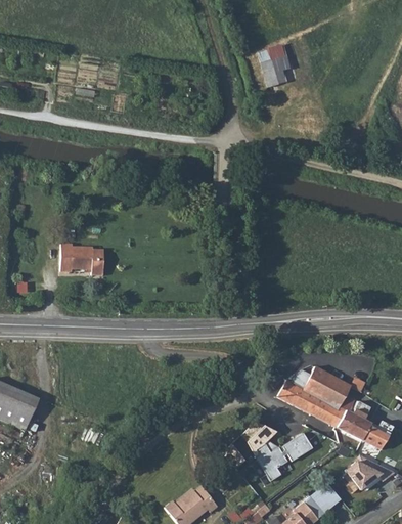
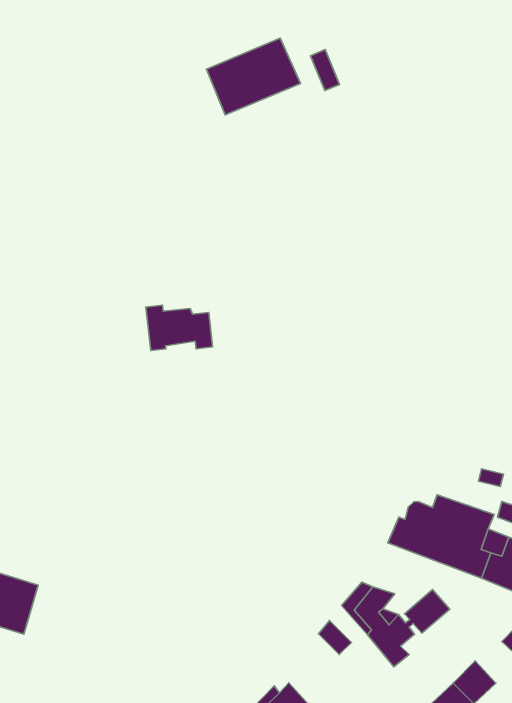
building: none -> [207,38,300,115]
building: [270,55,298,85] -> none
building: [57,241,99,272] -> [146,305,213,351]

